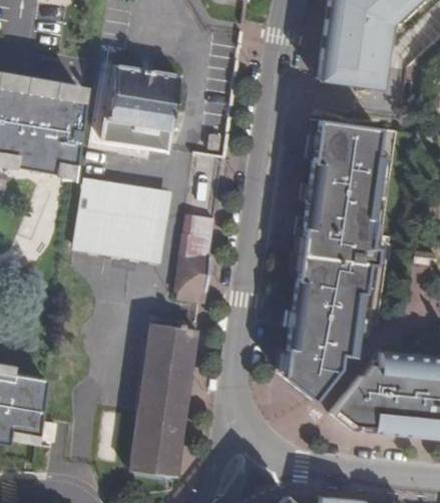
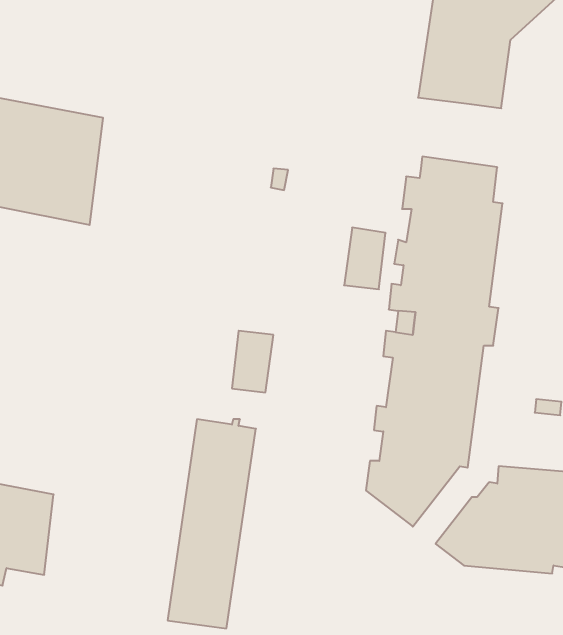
building: [97,63,176,148] -> none
building: [71,184,158,258] -> none
building: [184,211,215,258] -> [344,228,386,289]

